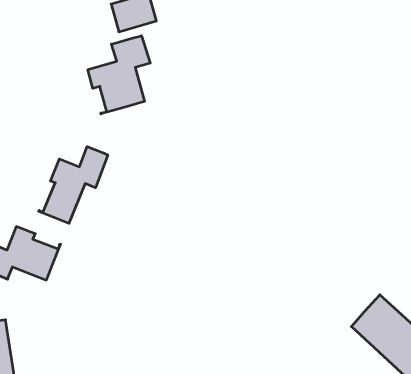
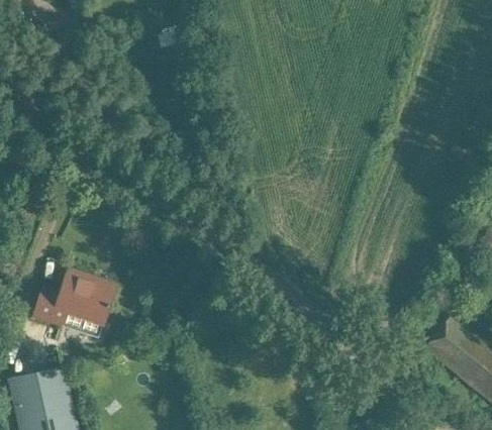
building: [88,36,150,114] -> none
building: [39,147,108,223] -> none

